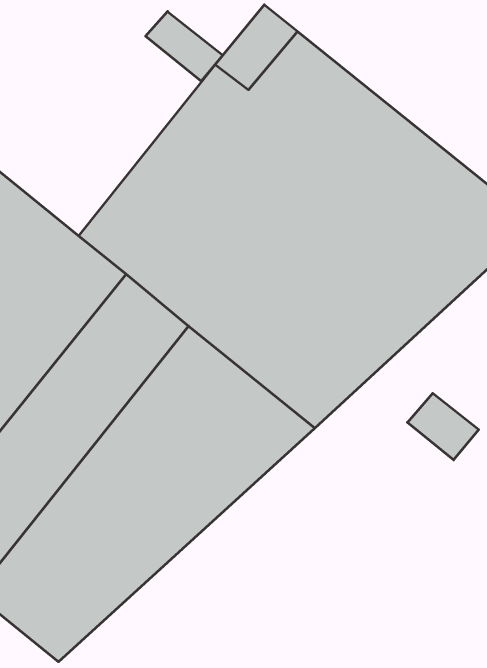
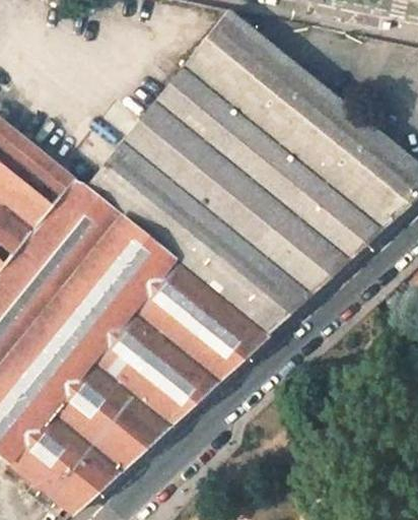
building: [146,11,223,81] -> none
building: [407,393,479,460] -> none

